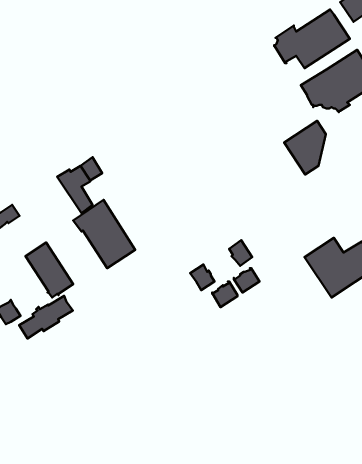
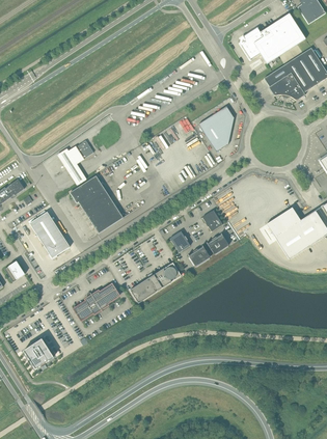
building: [284,121,326,174] -> [198,106,234,152]
building: [19,296,73,339] -> [74,283,119,320]
building: none -> [130,263,181,303]
building: none -> [23,339,53,369]

